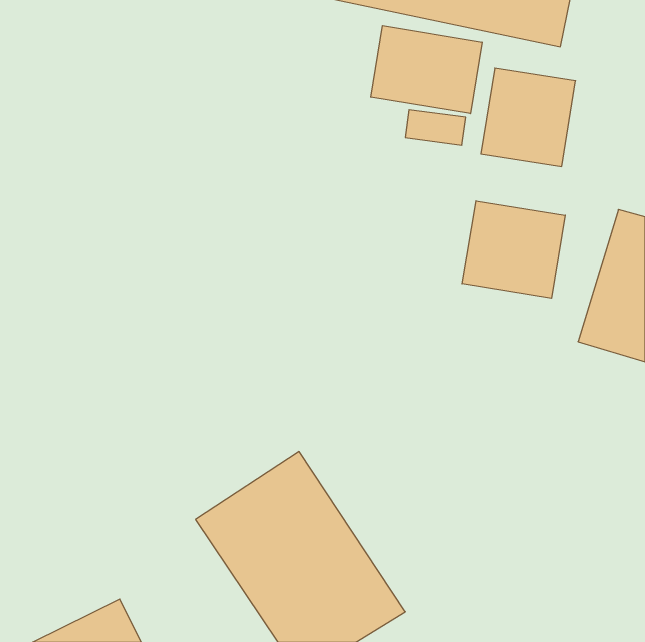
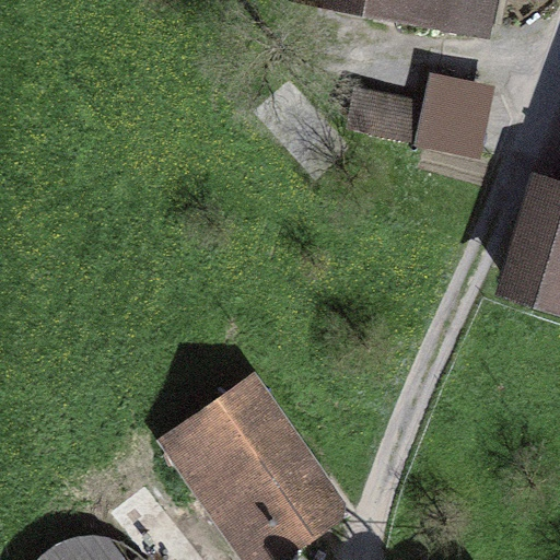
building: [371,26,482,114] -> none
building: [462,201,565,298] -> none

